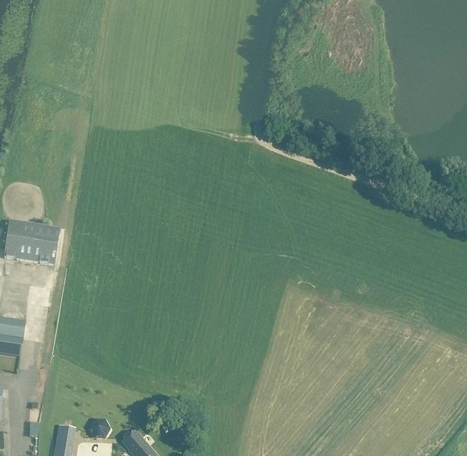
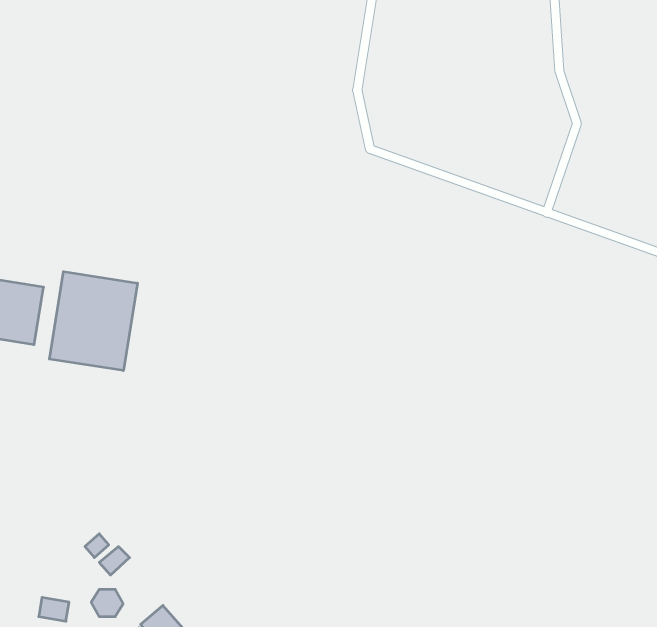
building: none -> [49,272,137,371]

